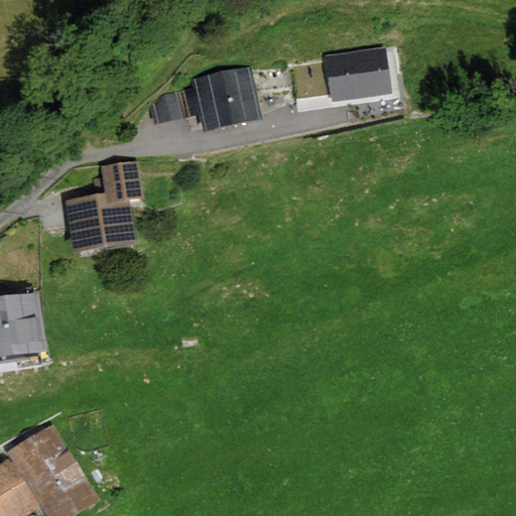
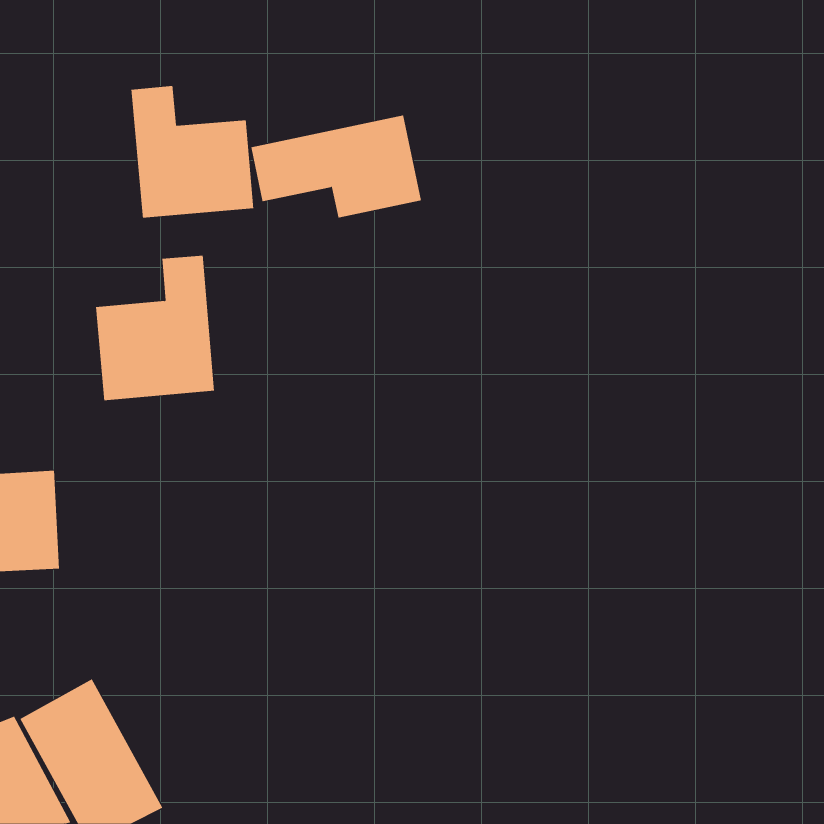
building: [327,51,387,97] -> none
building: none -> [131,85,254,218]

